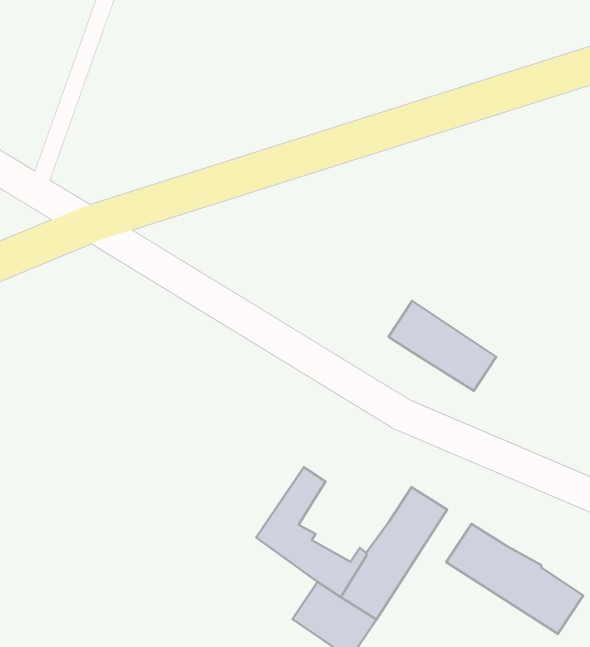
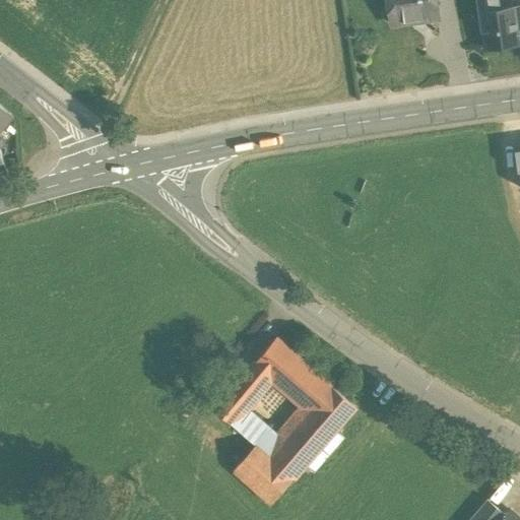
building: [389,301,496,391] -> [255,340,330,410]
building: [446,524,583,634] -> none

